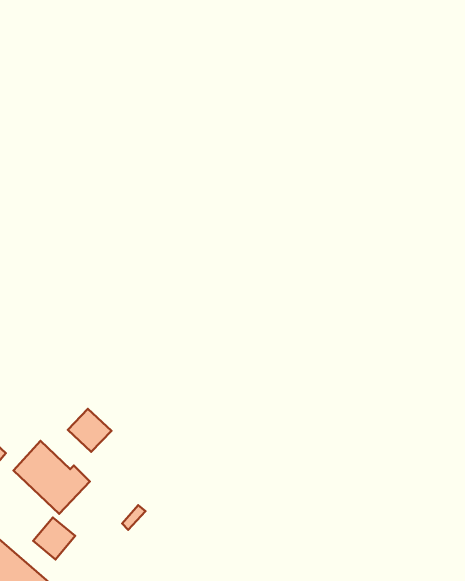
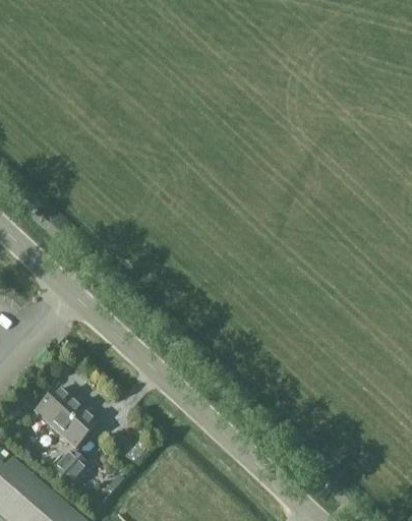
building: [68,409,111,452] -> none

